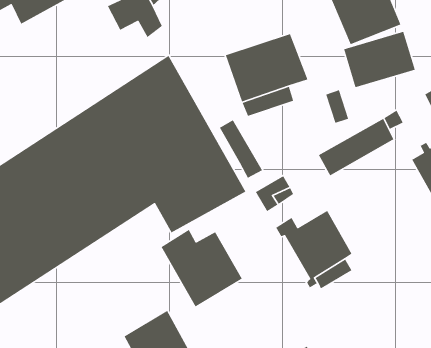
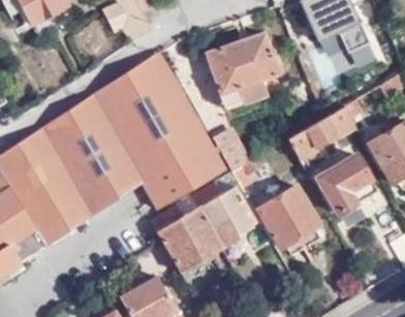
building: none -> [318,156,376,215]
building: none -> [198,185,254,247]

